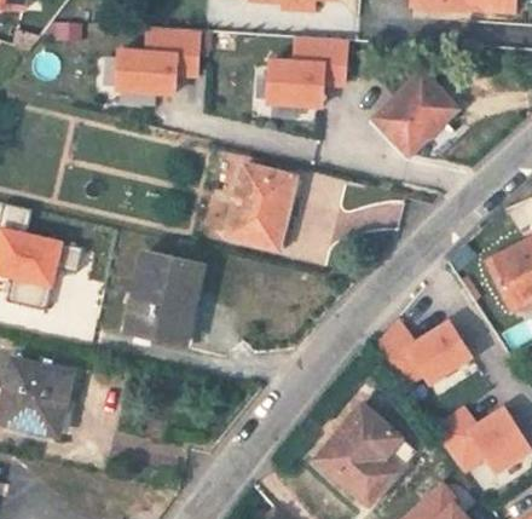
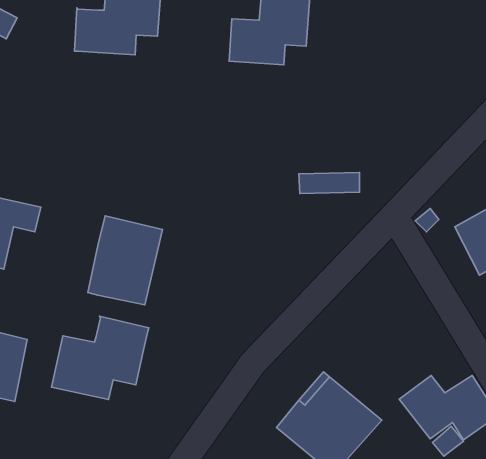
building: [374,73,457,155] -> none
building: [226,167,293,249] -> none
building: [375,318,470,390] -> none
building: none -> [52,316,149,399]

